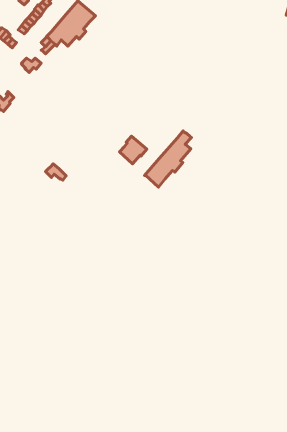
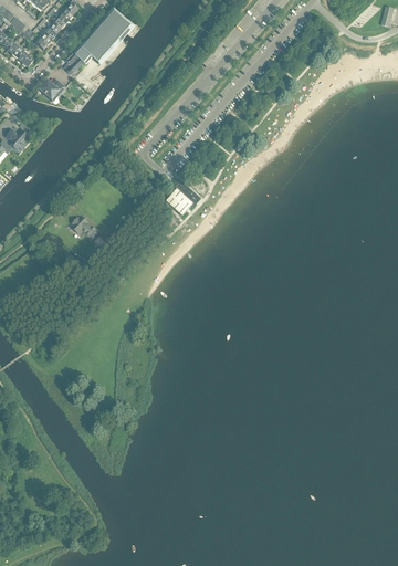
building: [145,131,192,187] -> none

